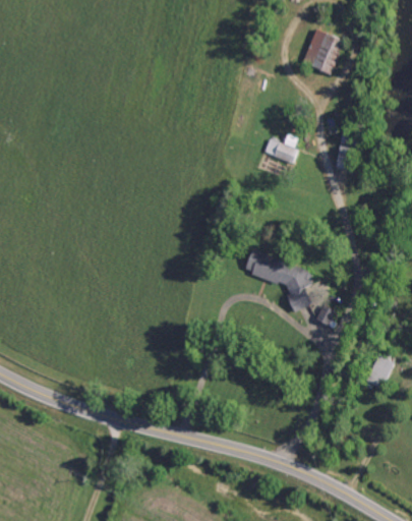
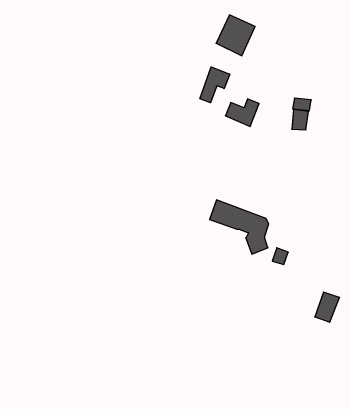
building: [302,28,347,75] -> [216,15,255,56]
building: none -> [200,67,230,103]

